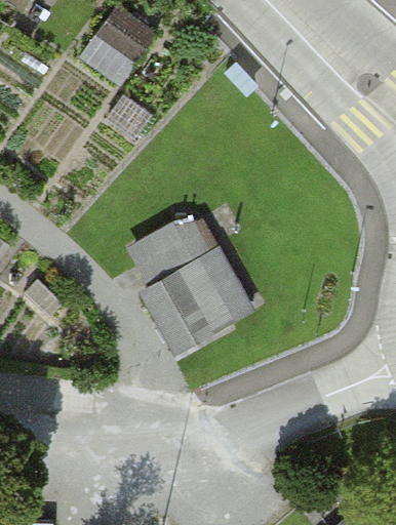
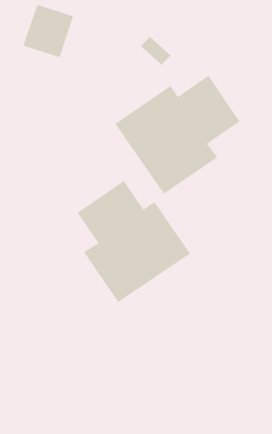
building: none -> [114,75,240,195]

